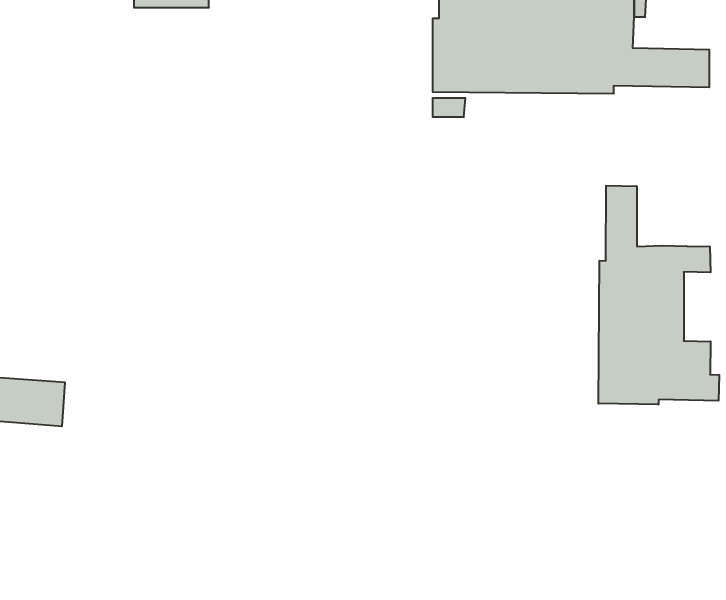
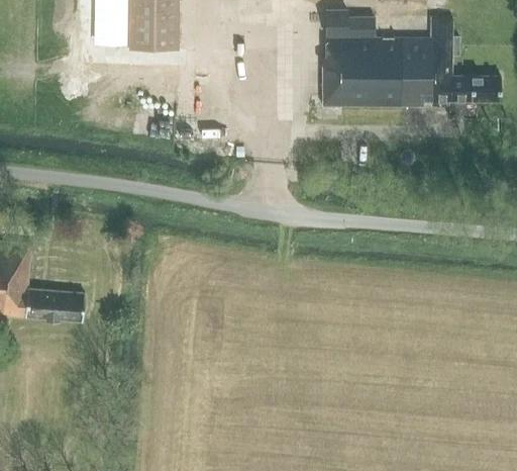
building: [598,186,719,405] -> none

